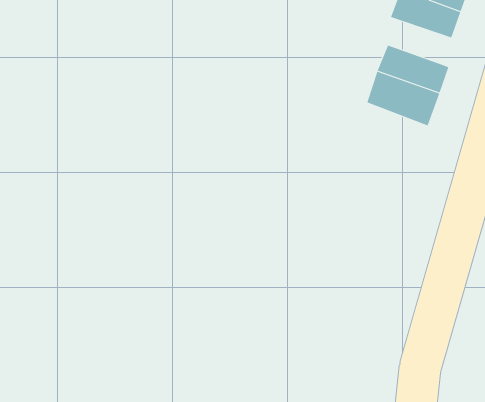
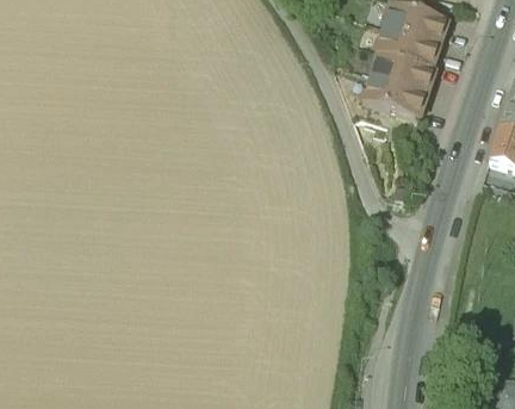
building: none -> [373,27,438,70]

